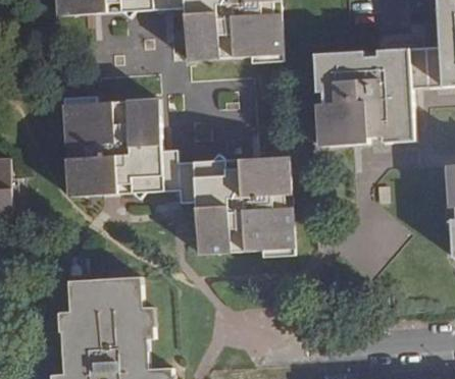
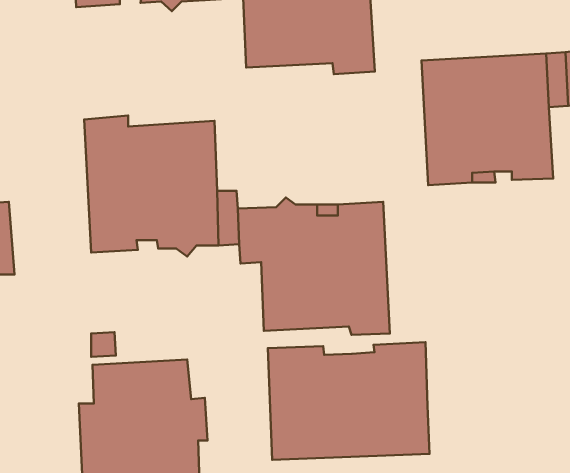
building: none -> [268,342,430,460]

